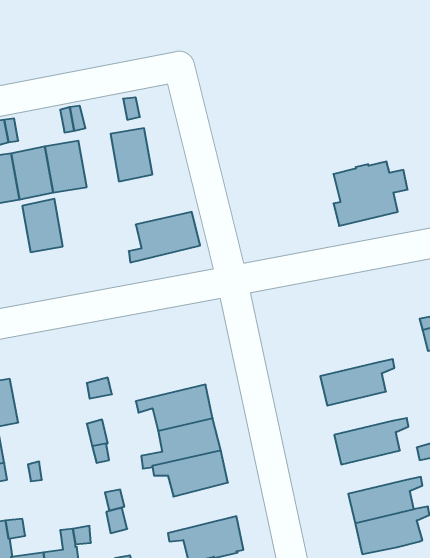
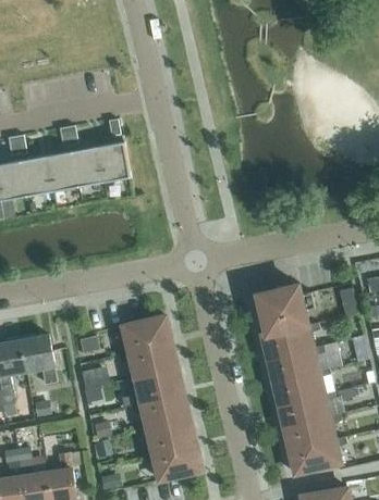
building: [333,162,408,226] -> [257,285,315,335]
building: [22,199,63,252] -> [73,147,105,188]
building: [129,212,200,262] -> [117,315,172,354]
building: none -> [20,334,57,384]
building: none -> [267,345,325,380]
building: none -> [278,390,335,426]
building: none -> [140,417,196,457]

